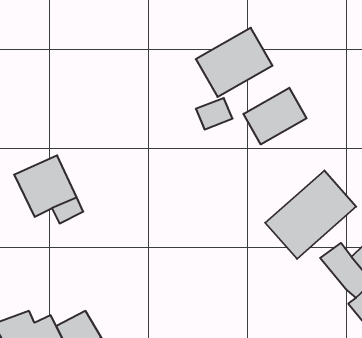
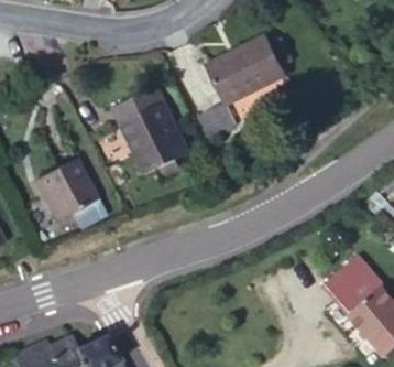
building: none -> [109,94,188,184]
building: [243,88,307,144] -> none
building: [265,170,356,259] -> none

